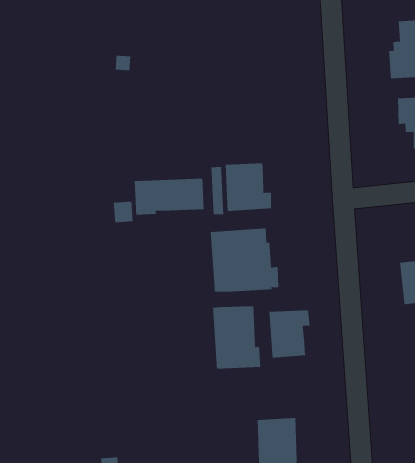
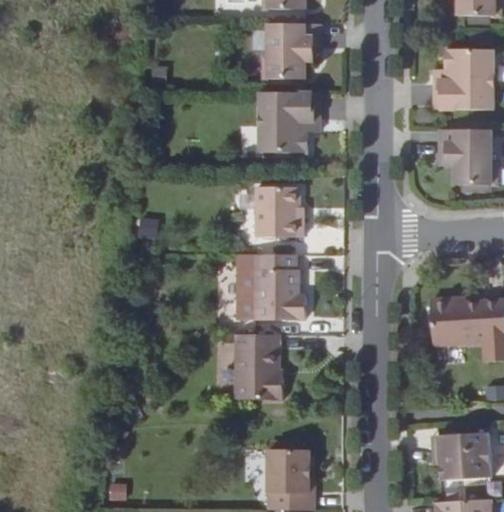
building: none -> [263,24,320,79]
building: none -> [260,92,319,152]
building: [134,178,204,216] -> none
building: [269,309,310,358] -> none

